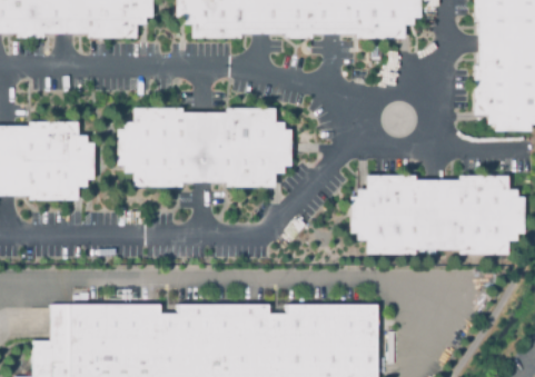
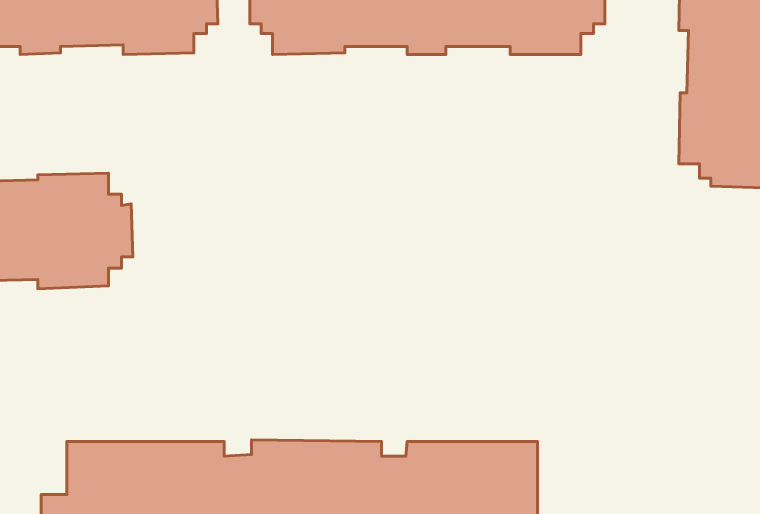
building: [116,108,290,187] -> none
building: [349,176,523,255] -> none

